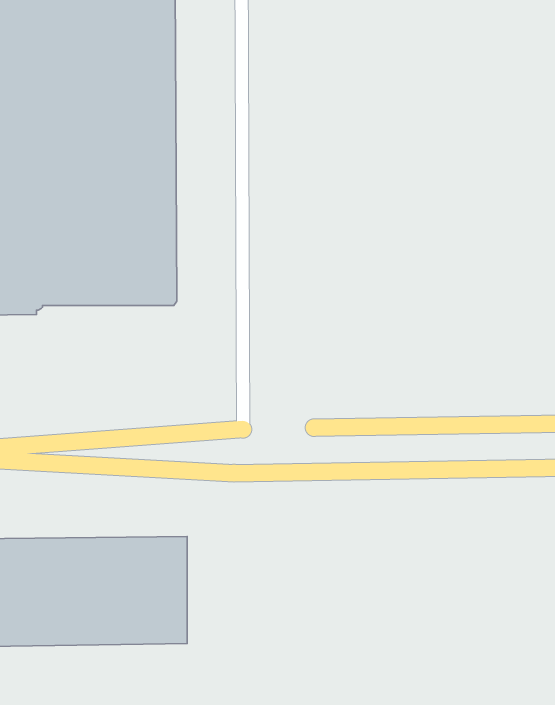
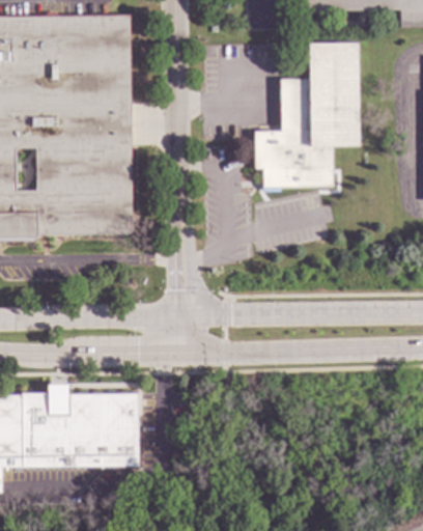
building: none -> [255,41,360,188]

